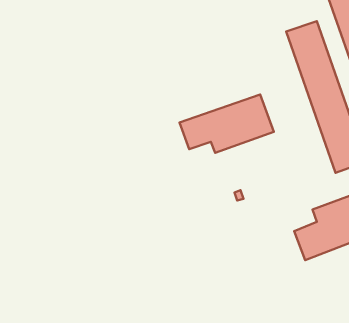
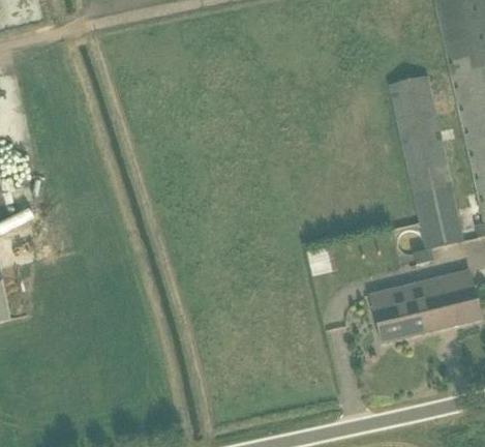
building: [180,94,274,153] -> none

